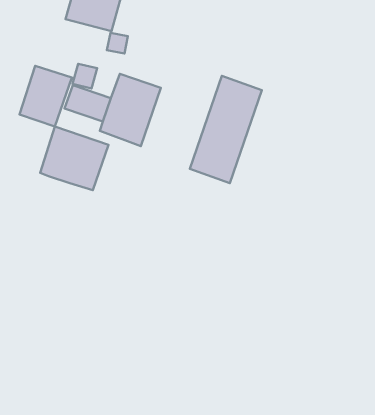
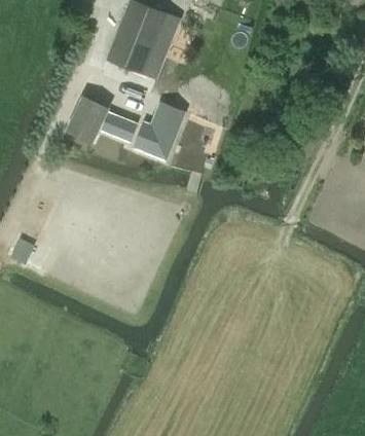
building: [190,76,262,183] -> none
building: [40,127,108,190] -> none

